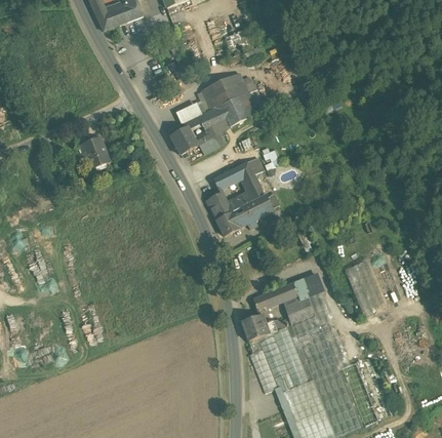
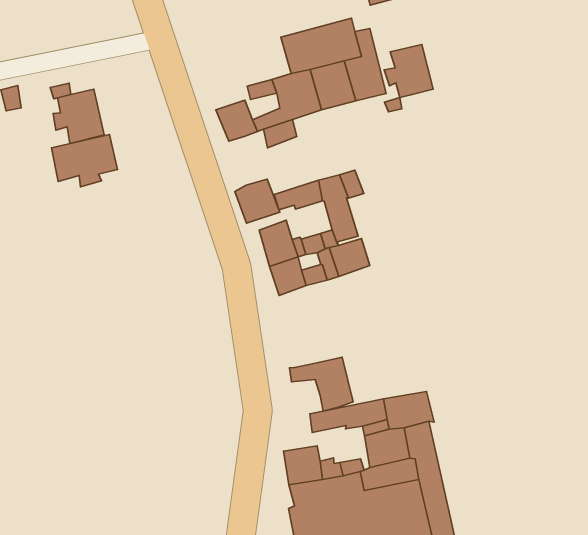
building: none -> [384,45,433,98]
building: none -> [52,134,117,187]
building: none -> [235,179,280,223]
building: [346,260,384,312] -> none
building: none -> [290,357,353,411]

